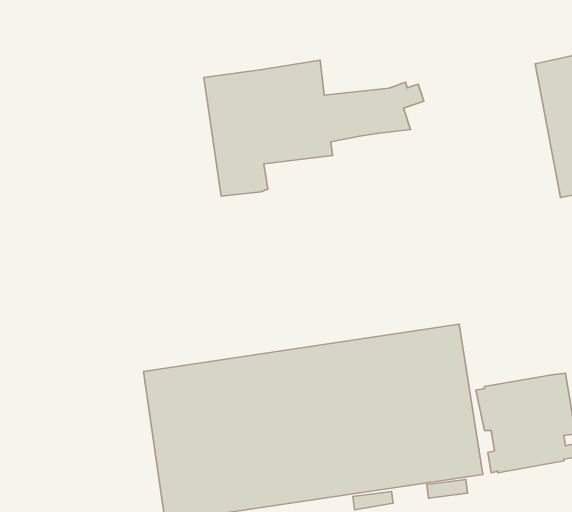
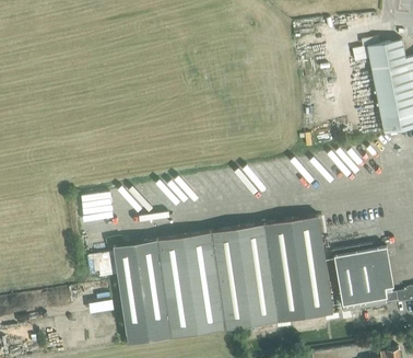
building: [204,60,424,196] -> none

